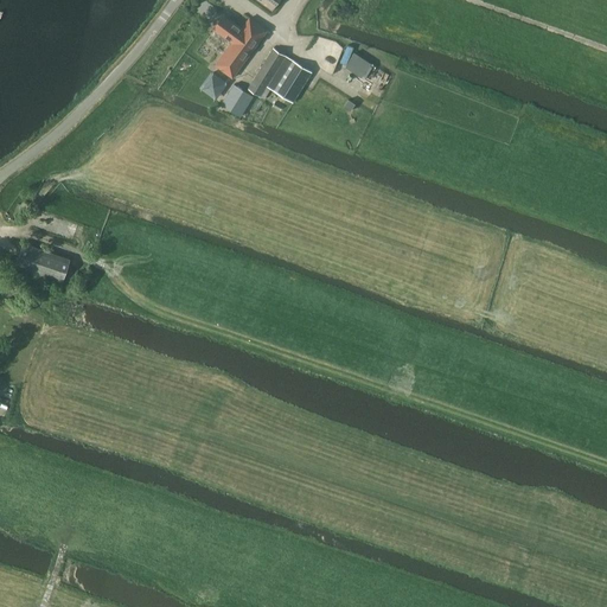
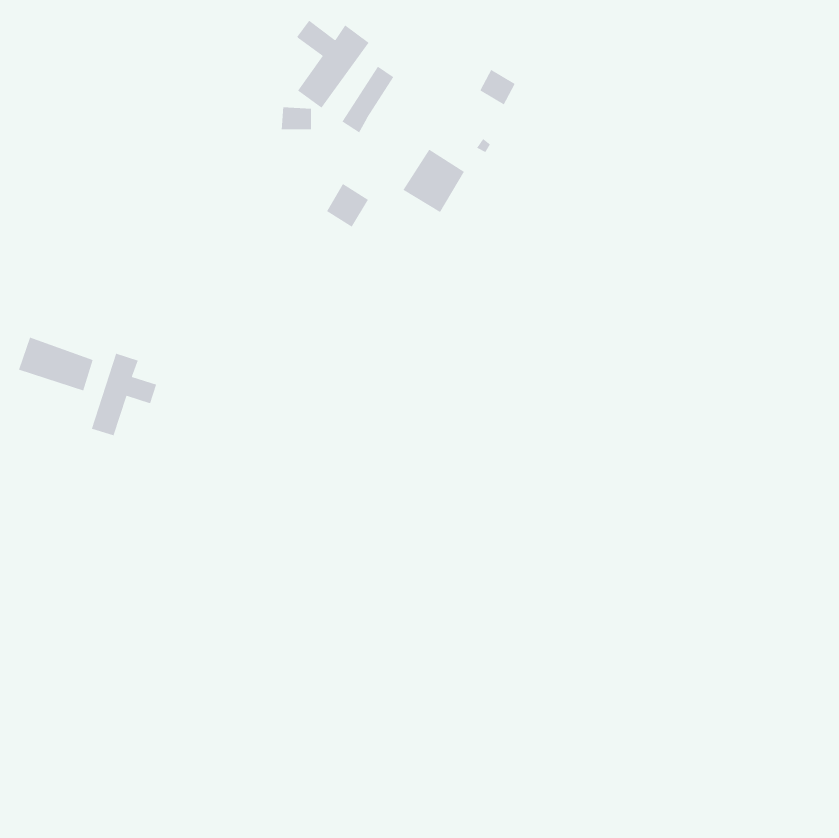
building: [266,57,311,103] -> [403,149,465,213]
building: [222,84,253,116] -> [326,183,369,228]
building: none -> [91,353,157,436]

